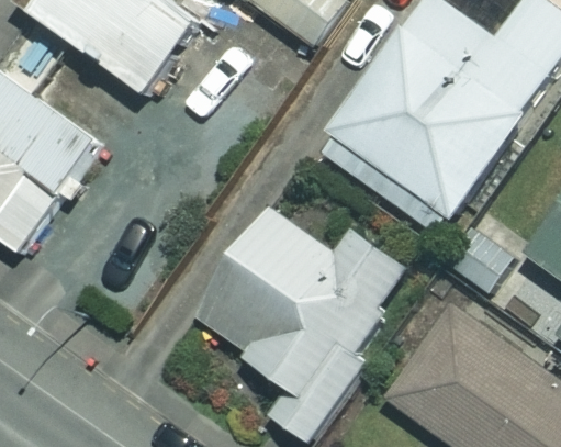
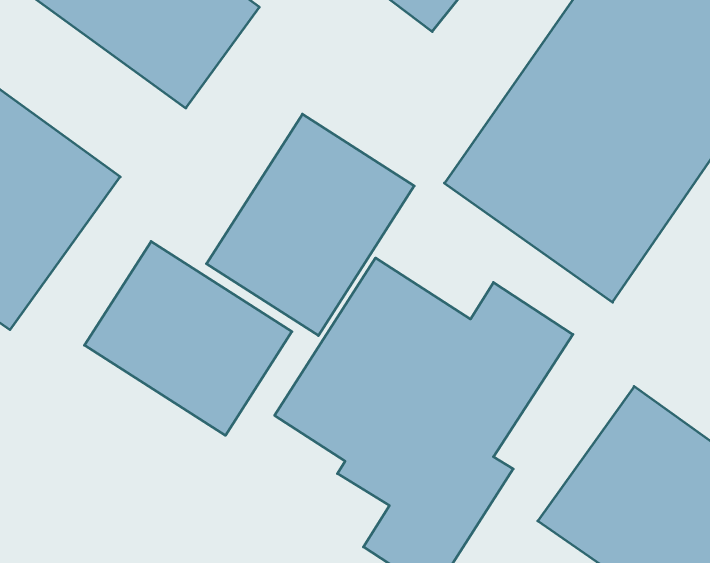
building: none -> [206,114,414,336]
building: none -> [84,241,292,435]

